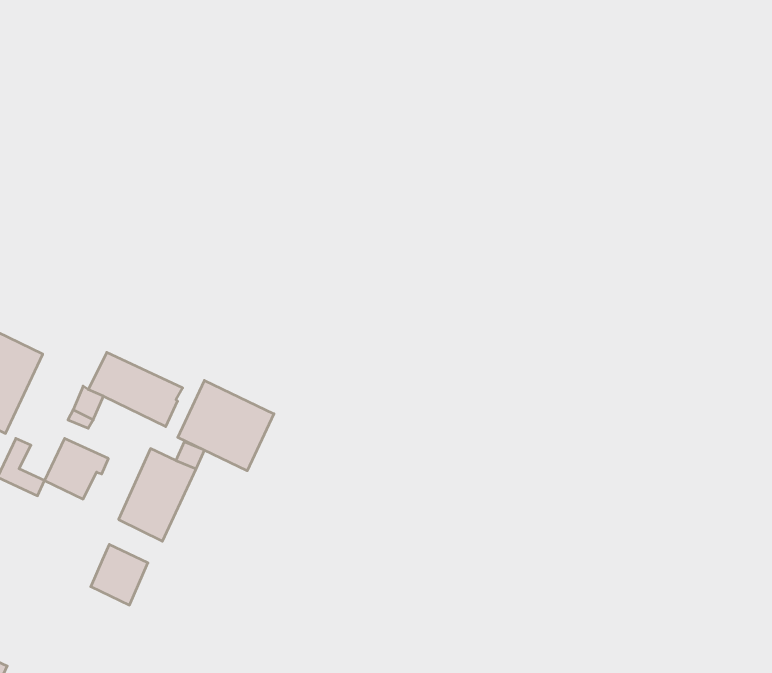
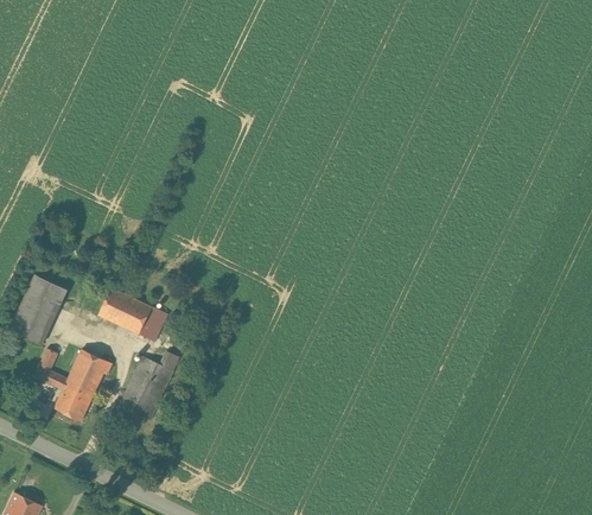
building: [178,380,274,471] -> none
building: [91,544,148,605] -> [55,377,95,420]

